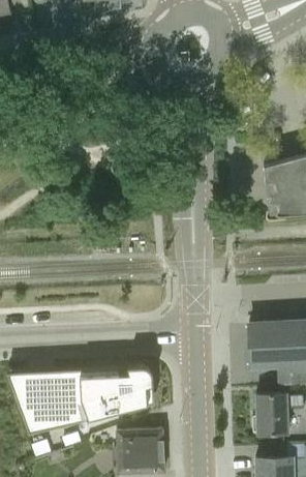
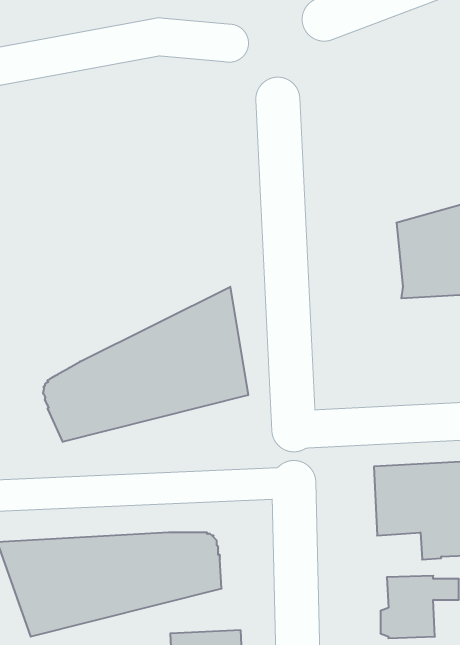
building: none -> [43,287,248,442]

